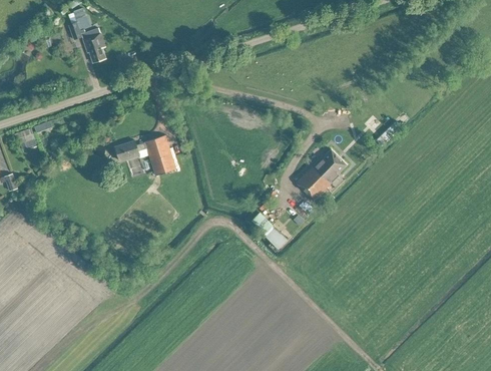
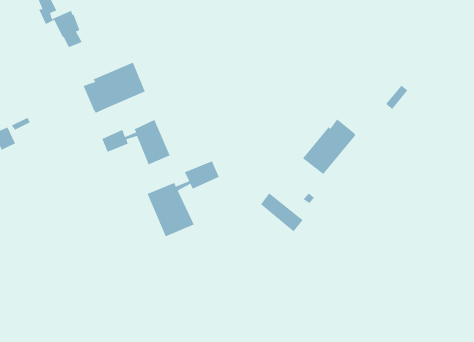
building: none -> [83,62,145,113]
building: none -> [147,161,220,237]

